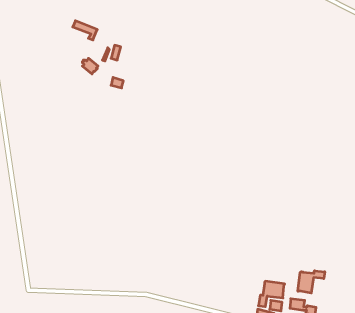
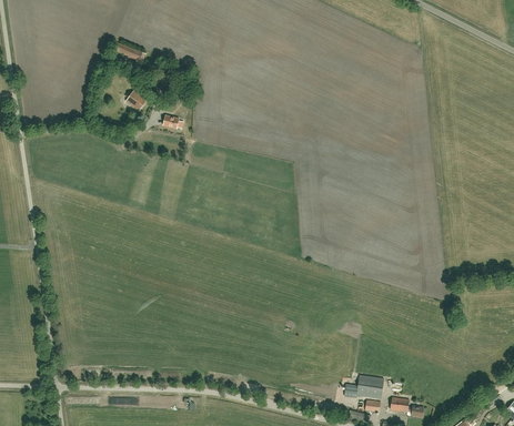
building: [298,271,325,293] -> none

